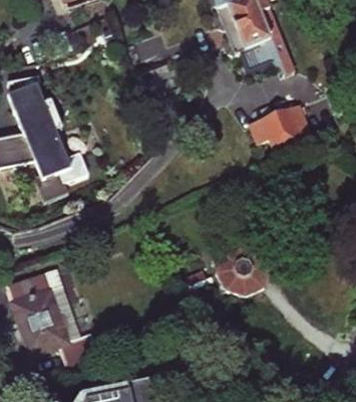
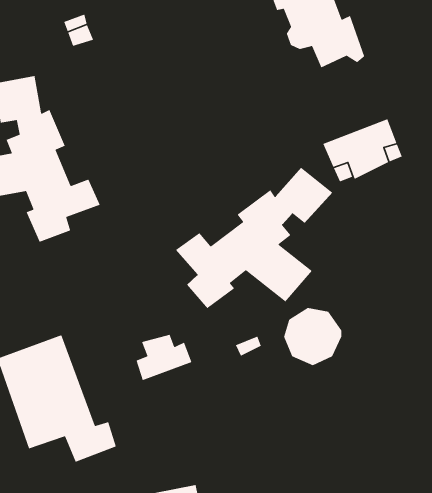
building: none -> [175,167,333,309]
building: none -> [135,334,193,381]

